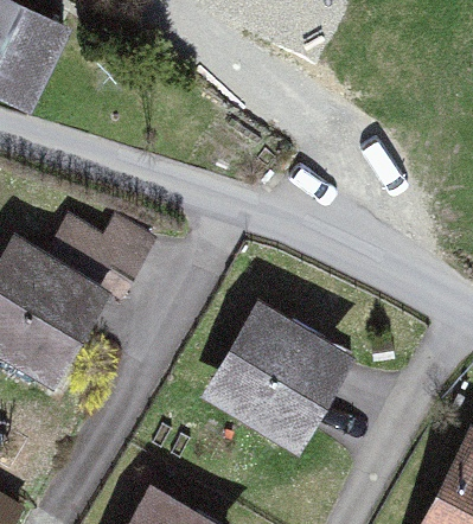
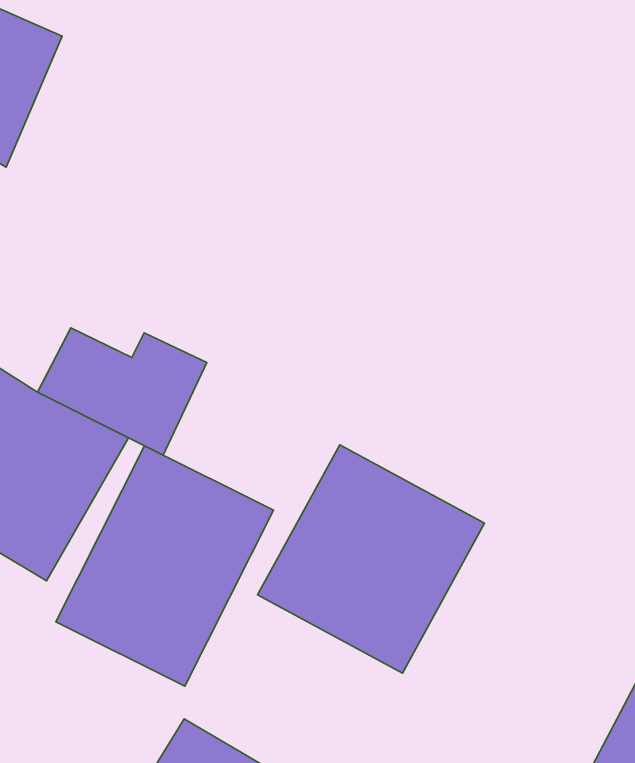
building: none -> [56,446,273,686]

